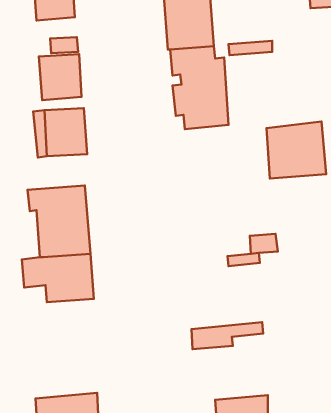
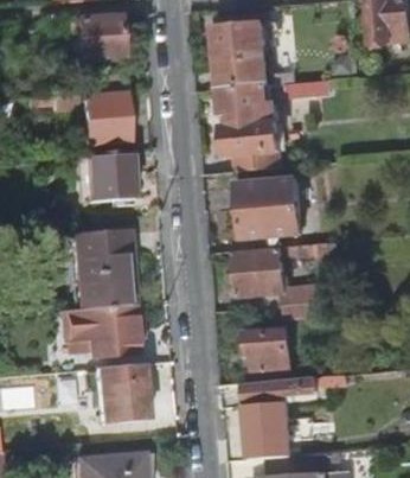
building: [267,121,326,179] -> [236,178,299,238]
building: none -> [232,247,292,298]
building: none -> [245,331,288,372]
building: none -> [95,364,145,422]
building: none -> [243,402,289,442]

